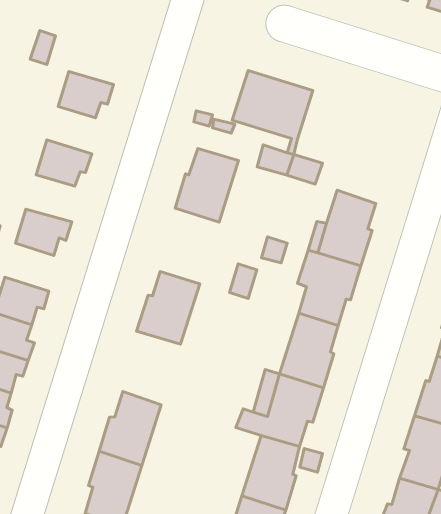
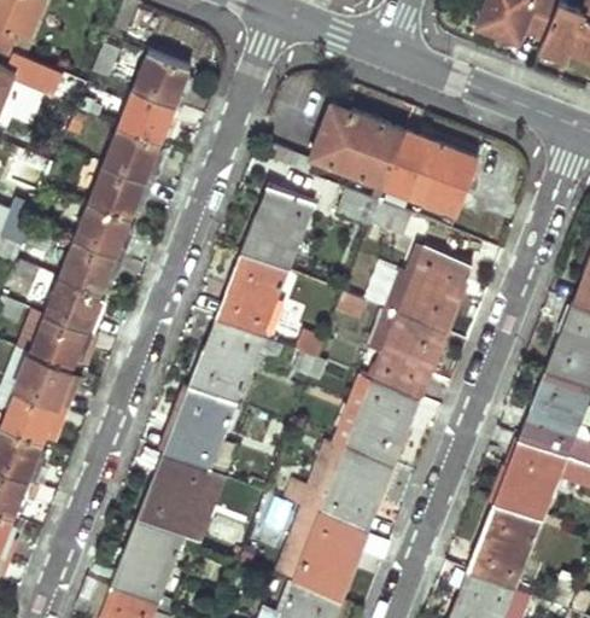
building: none -> [132,52,188,109]
building: none -> [382,132,478,215]
building: none -> [101,129,158,185]
building: none -> [72,204,129,260]
building: none -> [218,252,288,339]
building: none -> [43,279,101,336]
building: none -> [167,387,235,476]

